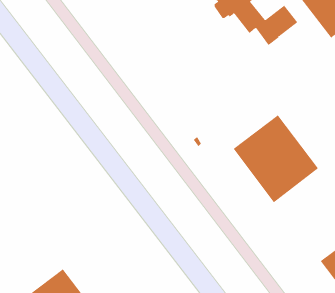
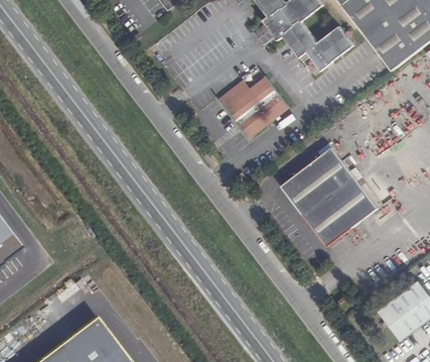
building: none -> [220,77,289,139]

